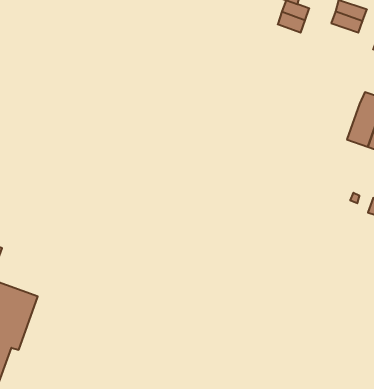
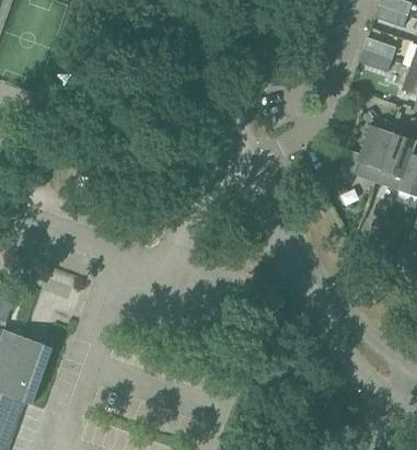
building: none -> [337,118,396,182]

